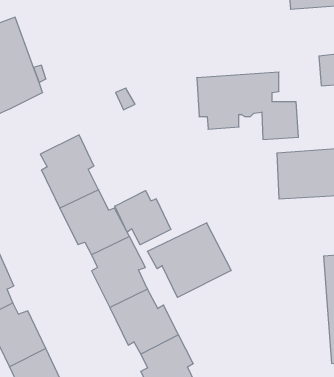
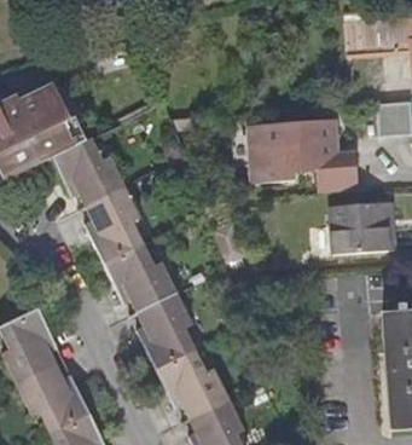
building: none -> [51,139,123,207]
building: [115,191,171,245] -> none
building: [147,223,231,297] -> none

